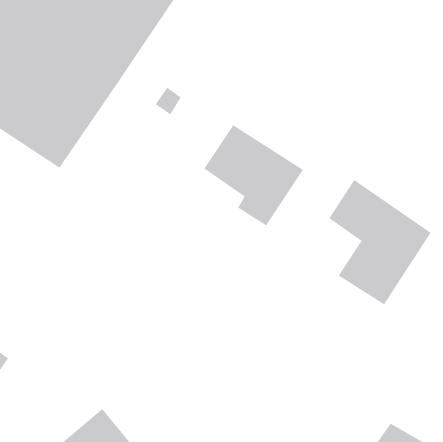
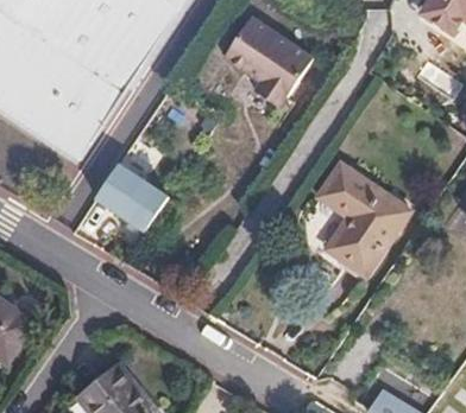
building: [204,124,304,226] -> [225,19,314,109]
building: none -> [97,150,159,227]

